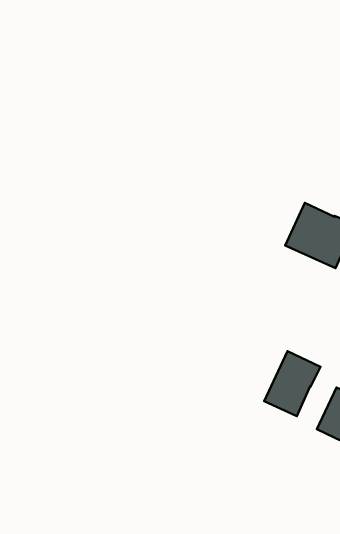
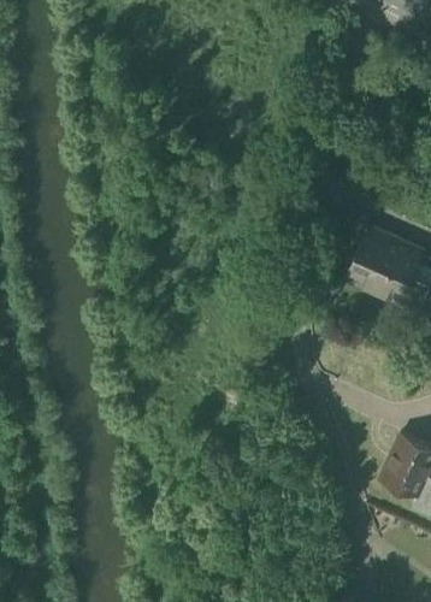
building: [264,351,321,416] -> none

